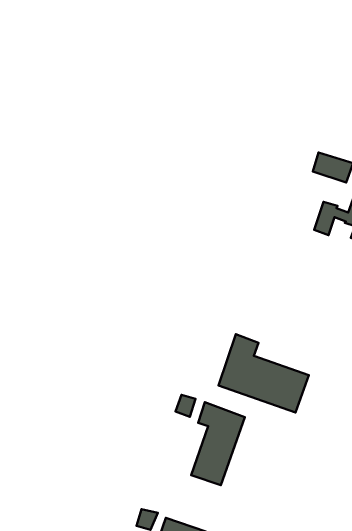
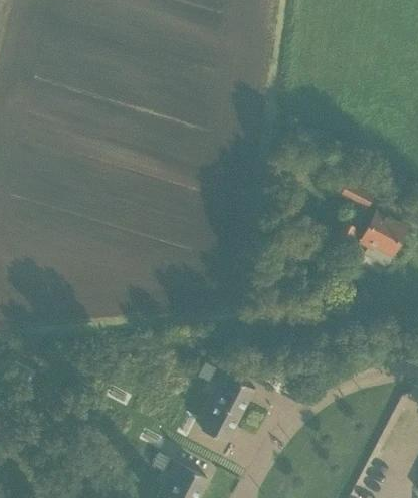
building: [219,334,309,413] -> none

